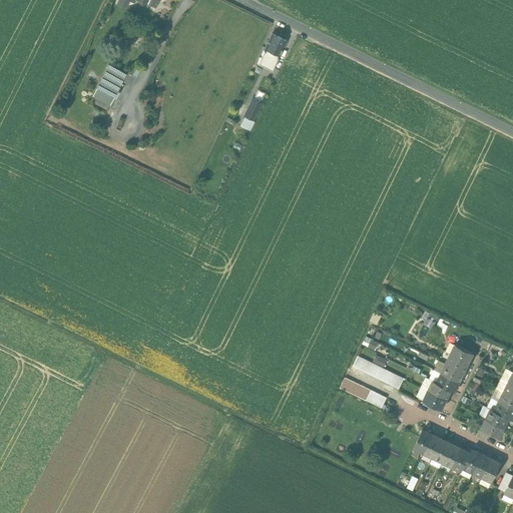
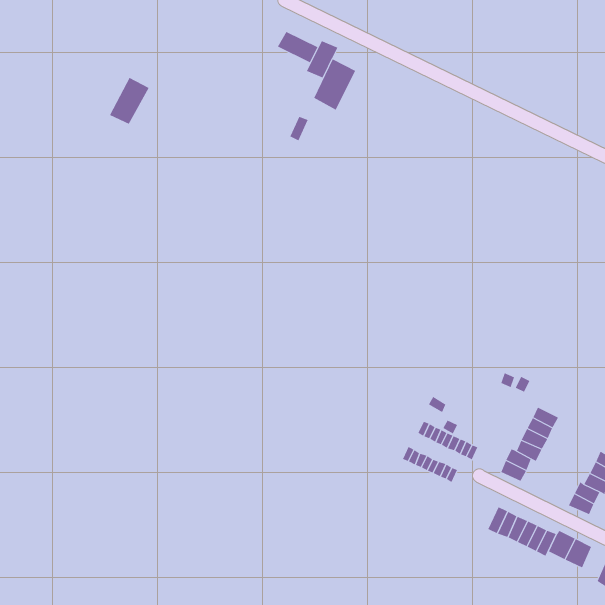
building: none -> [277,31,318,63]
building: none -> [313,59,356,111]

